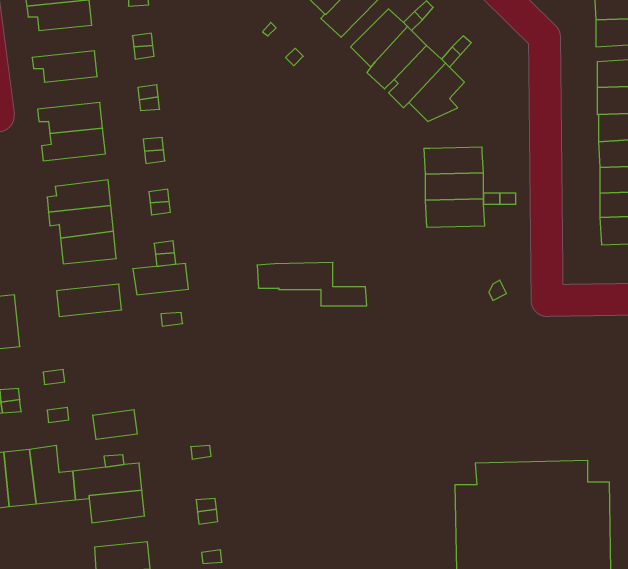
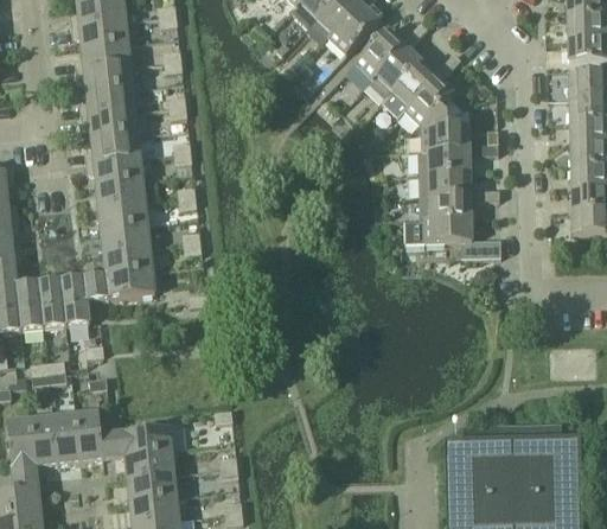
building: none -> [75,44,130,72]
building: none -> [79,89,135,117]
building: none -> [422,116,469,152]
building: none -> [85,157,142,185]
building: [257,262,367,306] -> [405,219,501,257]
building: [133,264,188,295] -> [103,248,152,275]
building: none -> [60,276,100,325]
building: [93,410,137,440] -> none
building: none -> [128,473,177,501]

